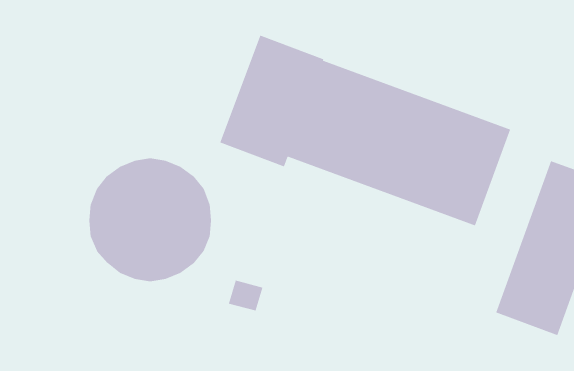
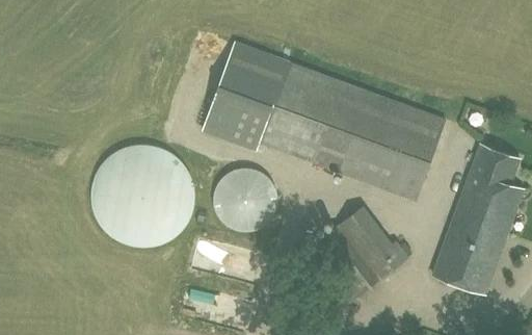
building: none -> [213,169,276,232]
building: none -> [313,204,406,300]

